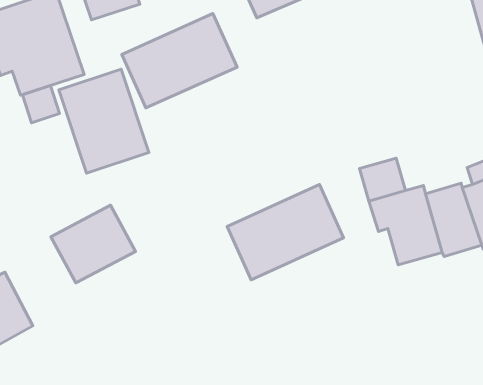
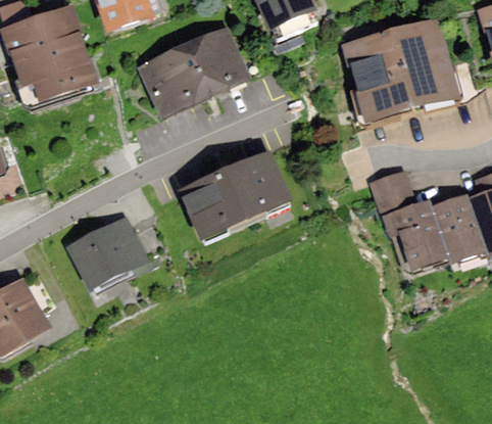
building: none -> [342,16,460,123]
building: [59,69,149,173] -> none
building: [22,85,60,123] -> none
building: [227,185,343,280] -> [179,148,292,241]

